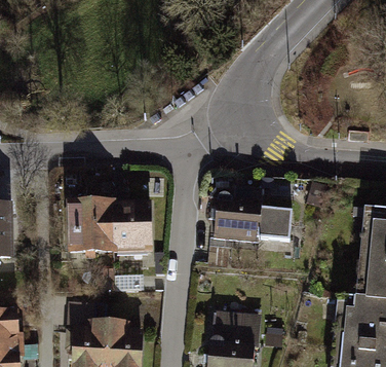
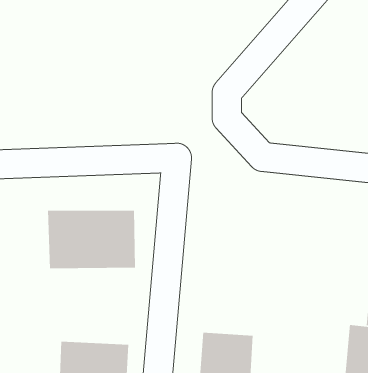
building: [209,190,298,242] -> none

